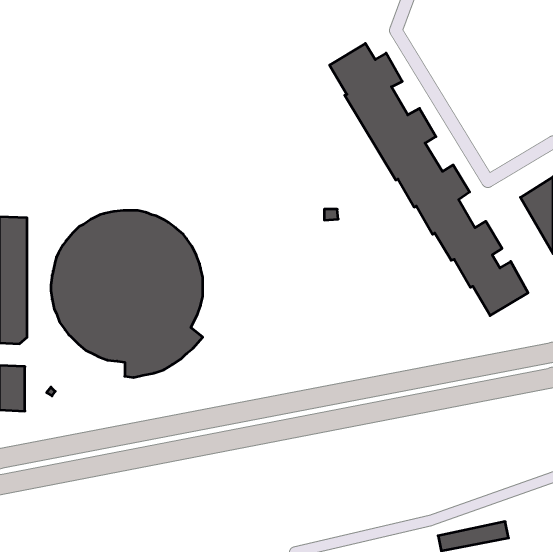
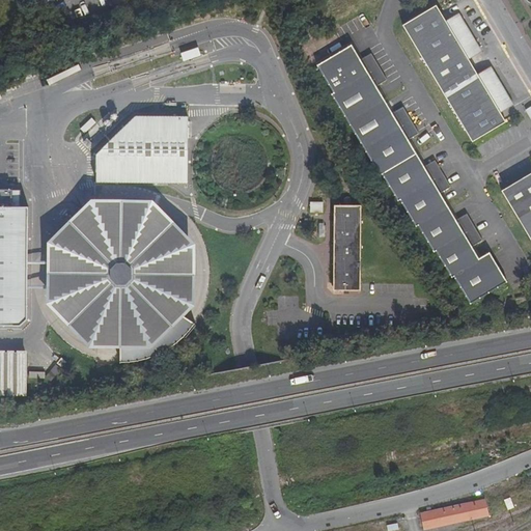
building: none -> [400,4,507,141]
building: none -> [95,115,188,181]
building: none -> [333,204,361,289]

